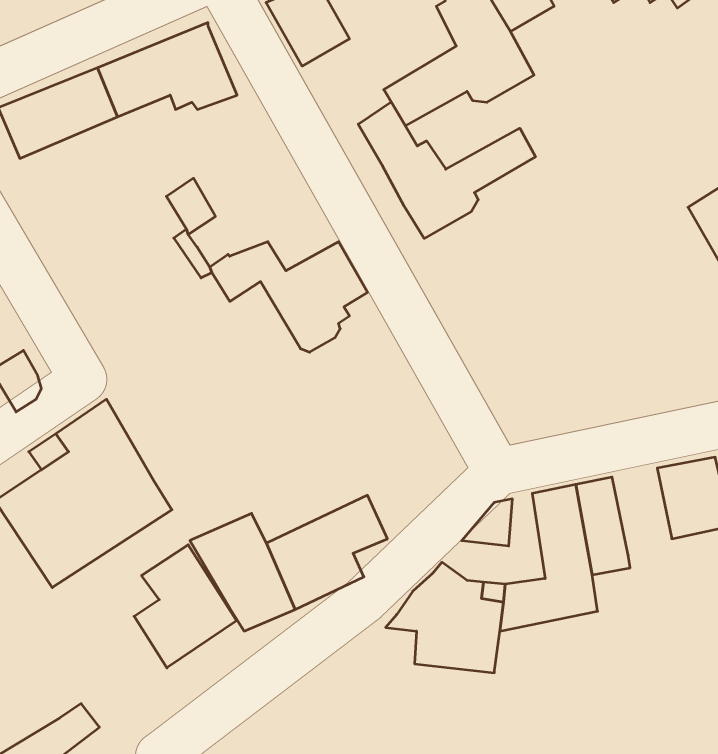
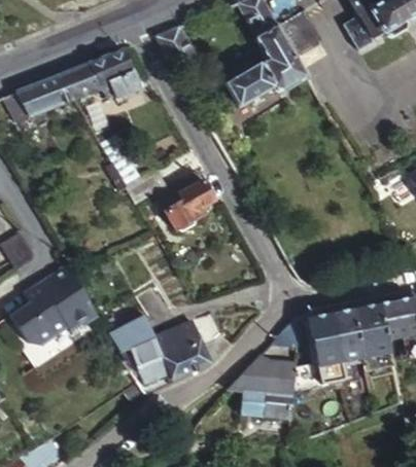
building: [358,102,535,238] -> none
building: none -> [354,300,390,357]
building: [134,545,237,668] -> none

